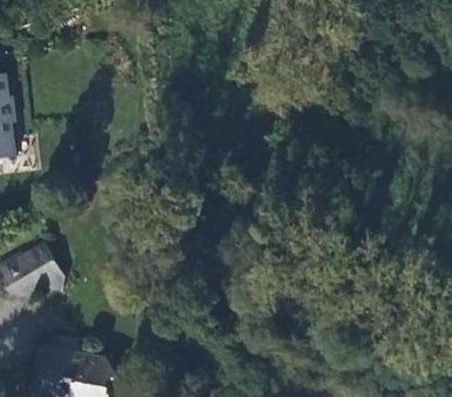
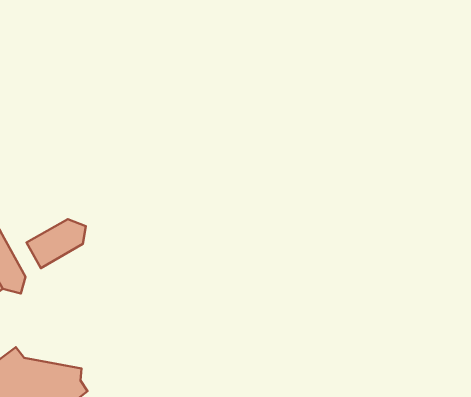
building: none -> [27,219,86,268]

